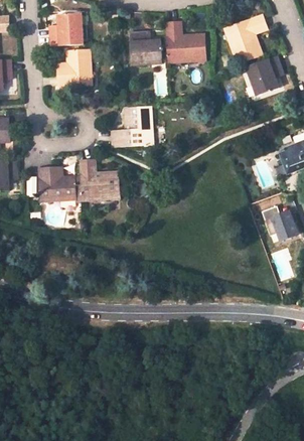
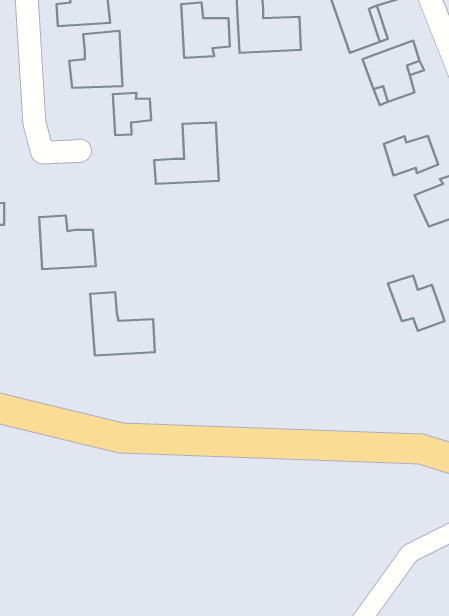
building: none -> [113,93,151,135]
building: none -> [384,136,438,176]
building: [78,159,119,199] -> [90,292,155,355]

